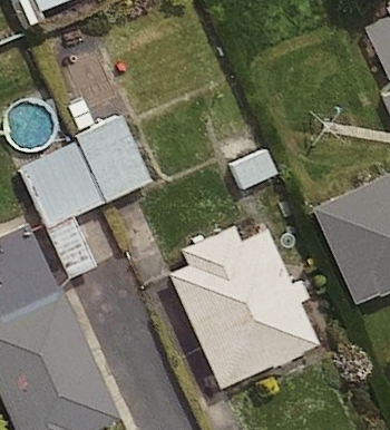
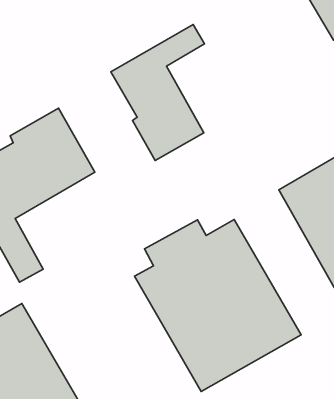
building: none -> [111,25,204,161]

